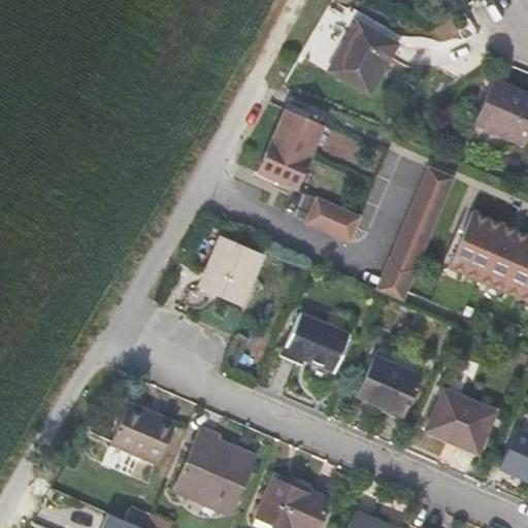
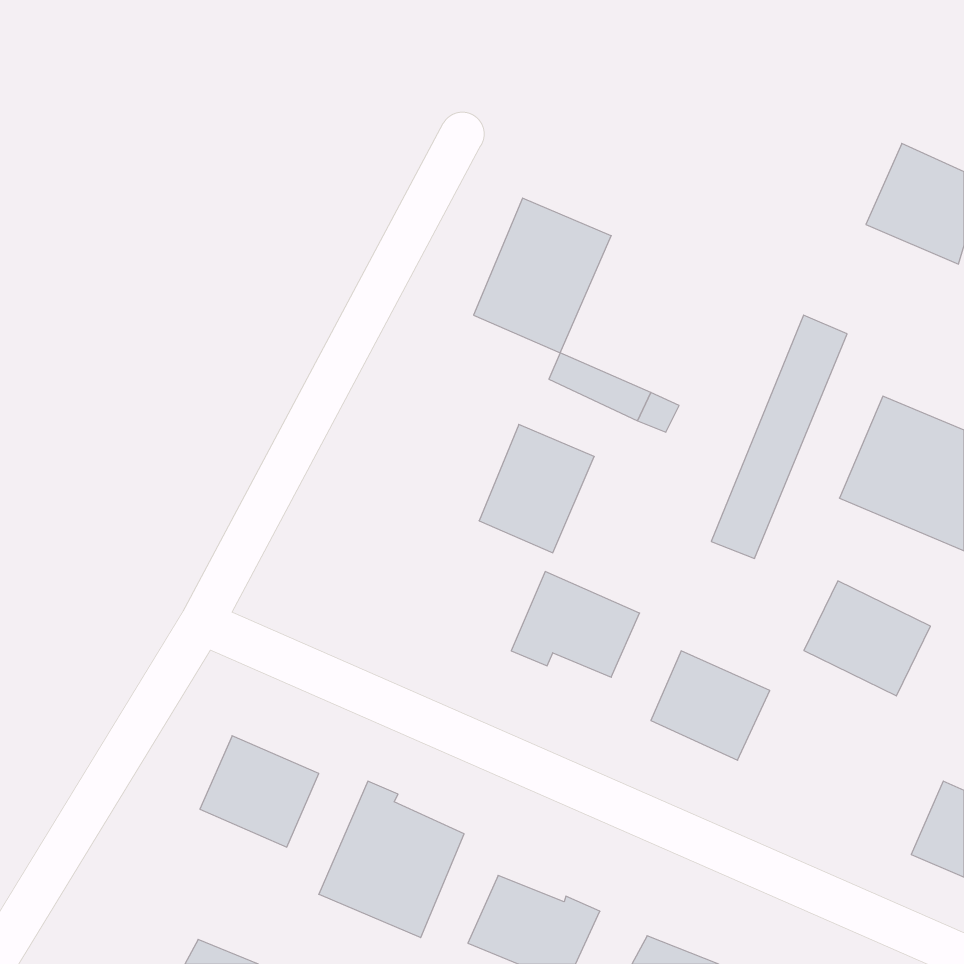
building: [328,20,397,94] -> none
building: [199,235,262,305] -> [479,424,594,553]
building: [426,390,495,453] -> [804,581,930,696]

